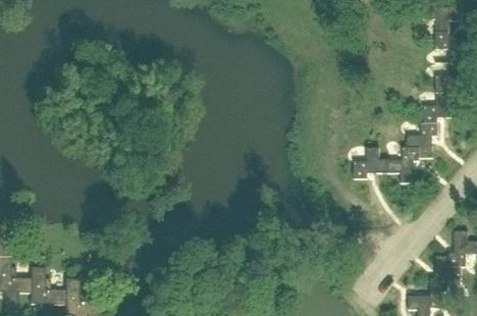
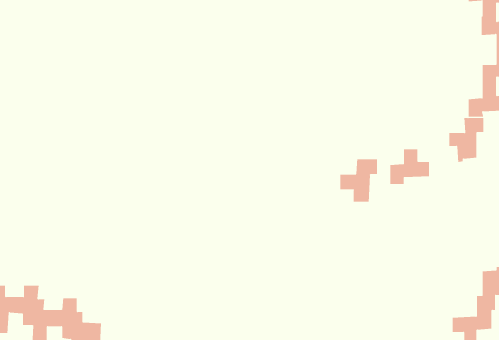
building: [389,145,414,181] -> none
building: none -> [340,159,378,203]

